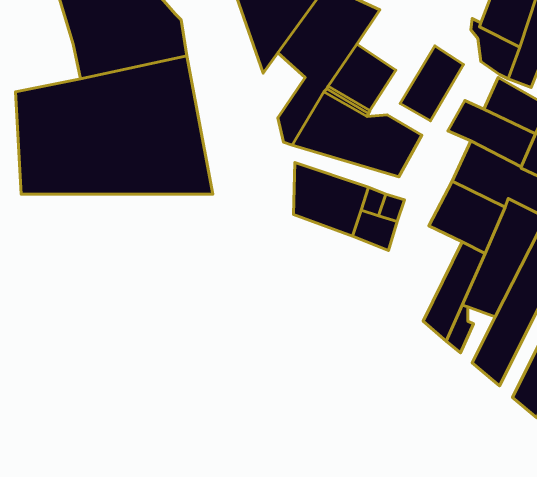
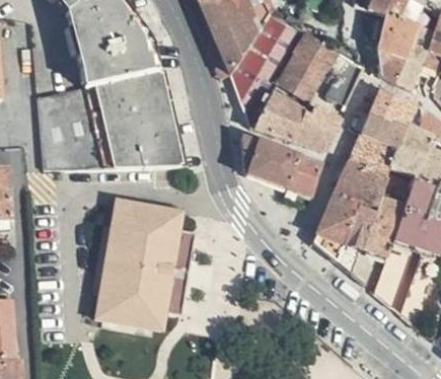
building: none -> [287,35,330,78]
building: none -> [312,187,361,254]
building: none -> [90,195,197,329]

